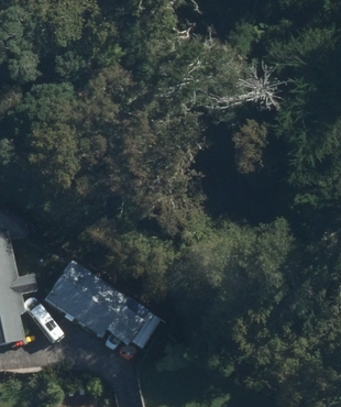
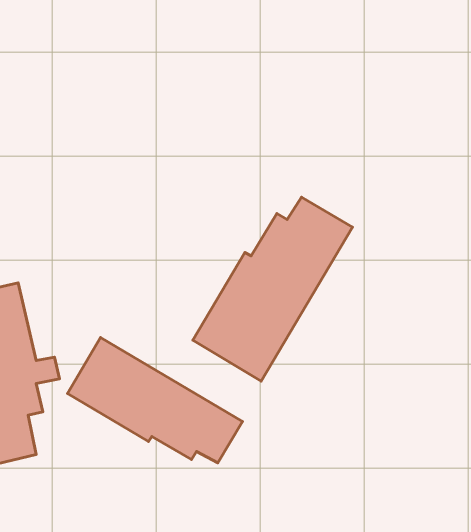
building: none -> [193,197,352,381]

